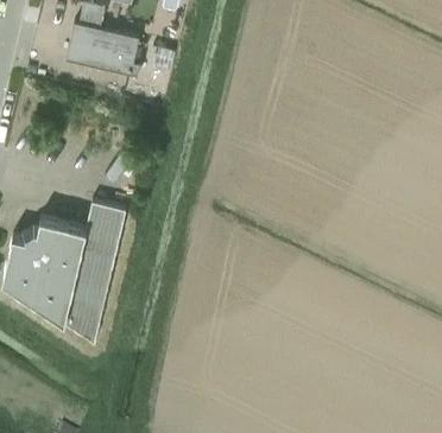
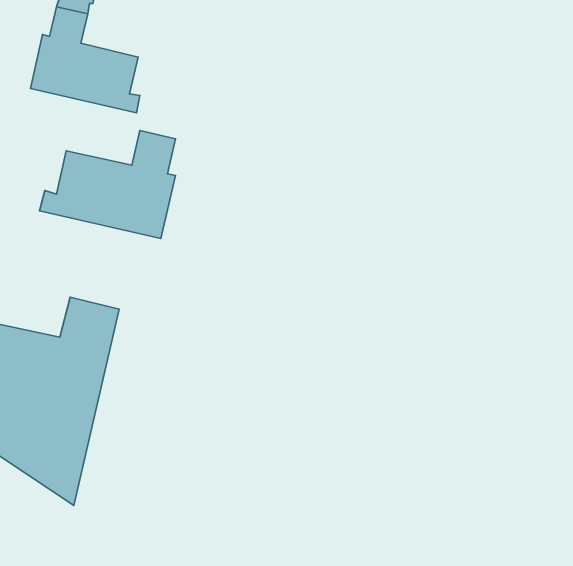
building: none -> [40,130,176,239]

